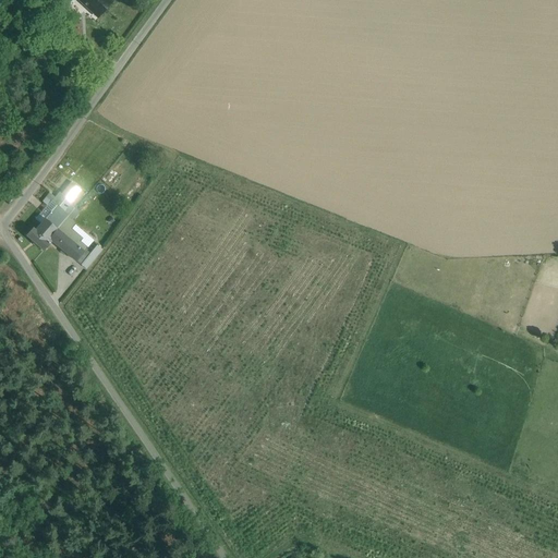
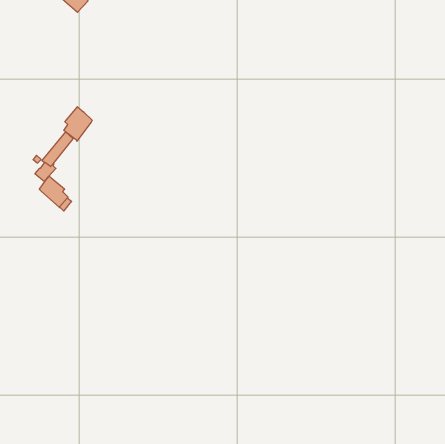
building: none -> [64,107,92,141]
building: [25,217,56,248] -> none

